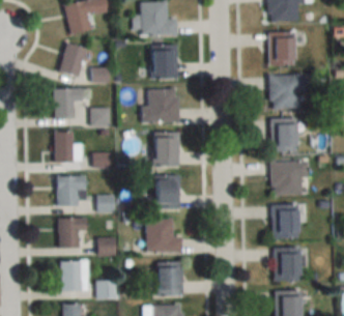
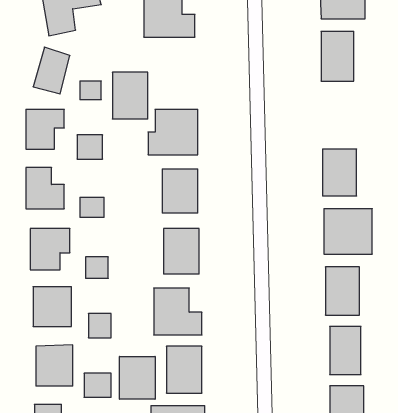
building: [151,44,177,78] -> [112,72,148,119]
building: [269,75,307,108] -> none
building: none -> [120,356,155,399]

